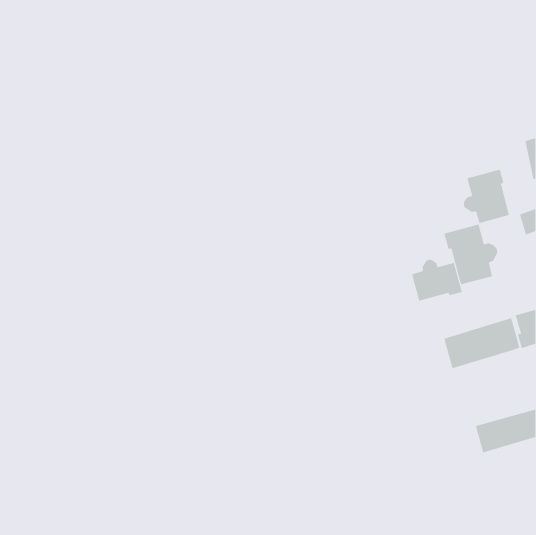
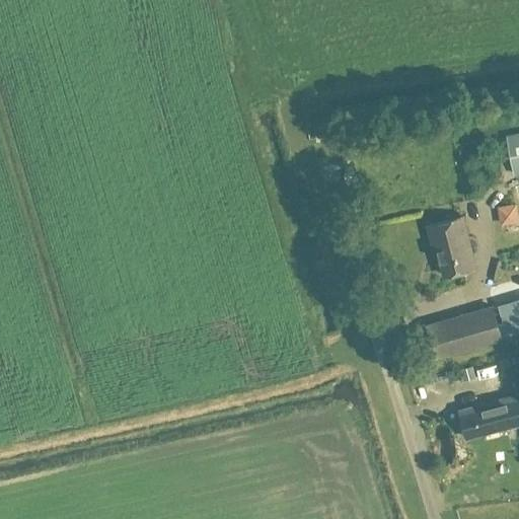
building: [463,169,510,224] -> none
building: [411,259,462,301] -> none

